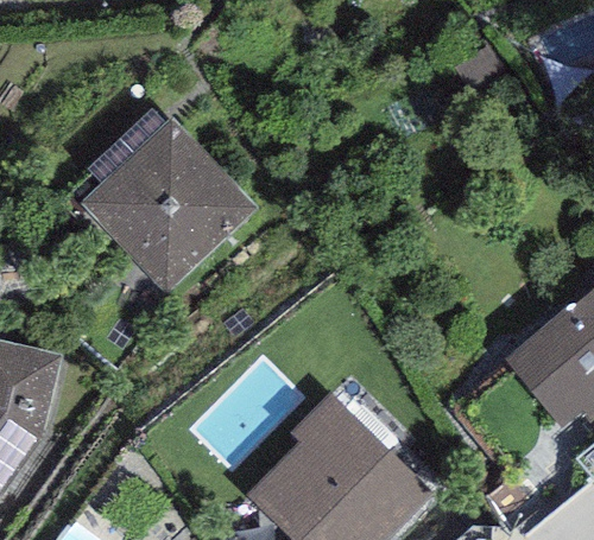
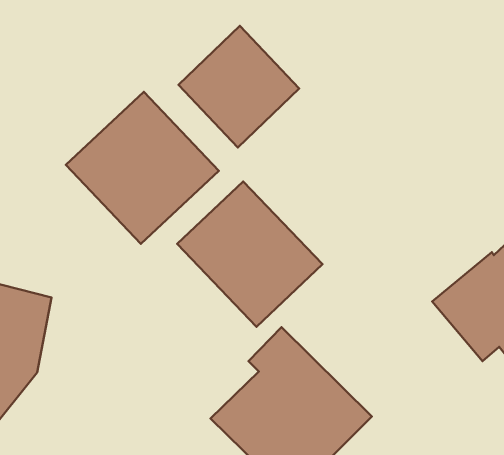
building: none -> [179,26,299,148]
building: none -> [177,181,322,327]

